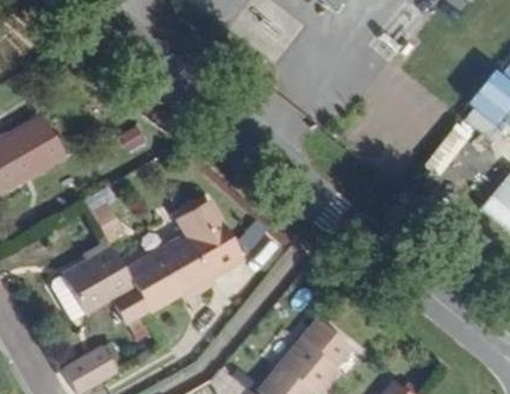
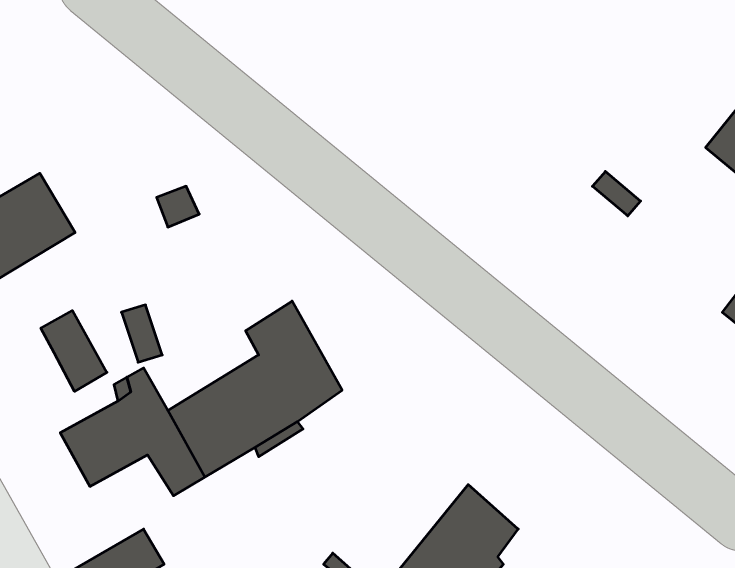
building: none -> [41,311,107,391]

